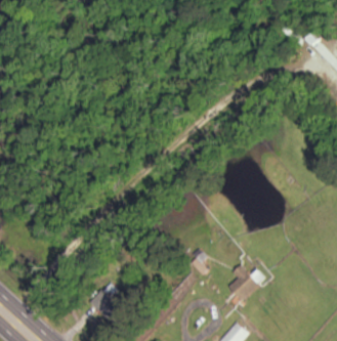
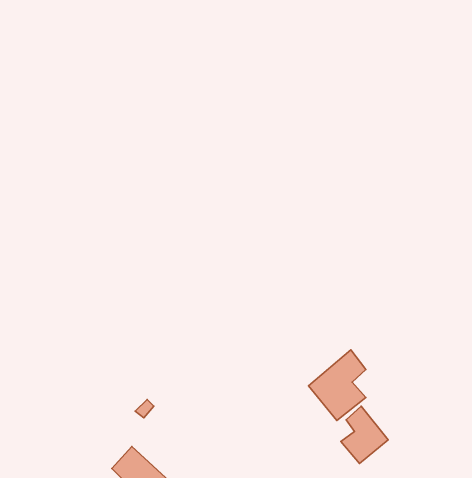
building: none -> [308,350,366,421]

